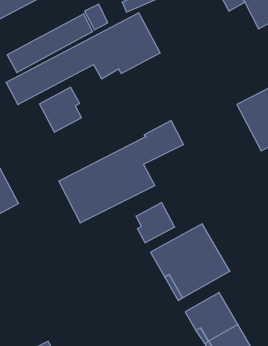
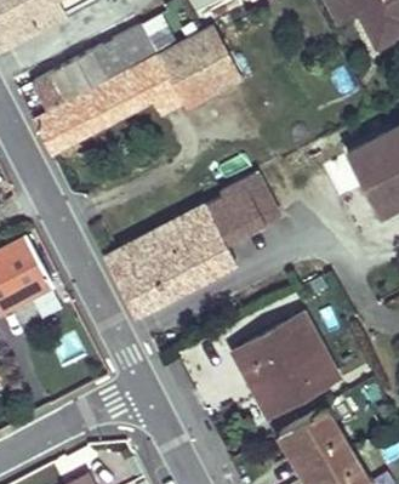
building: [39,87,81,132] -> none
building: [136,202,175,243] -> none

